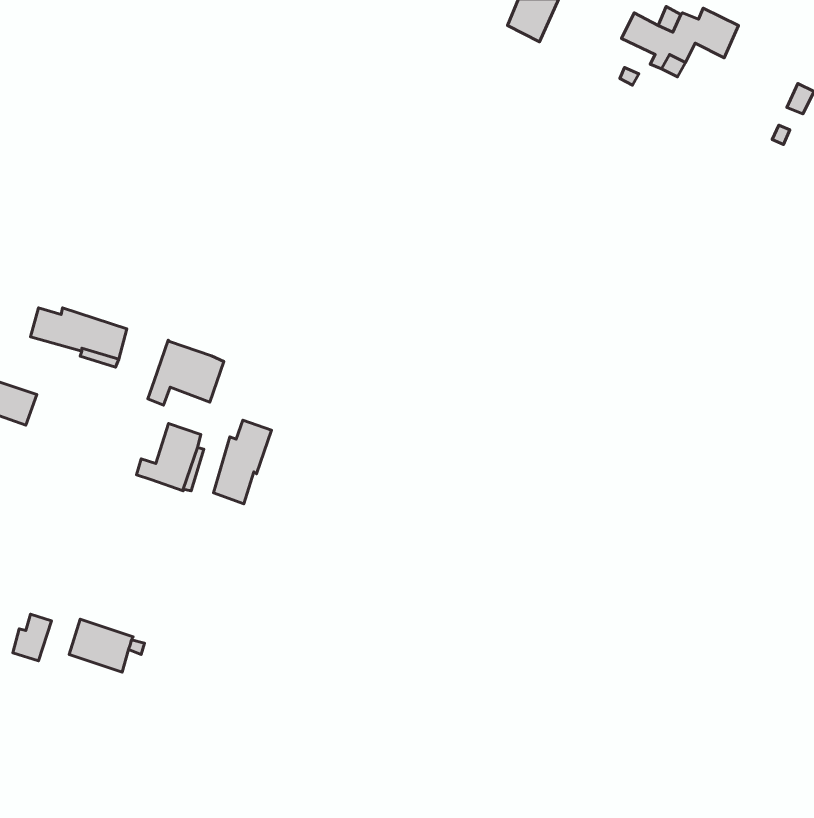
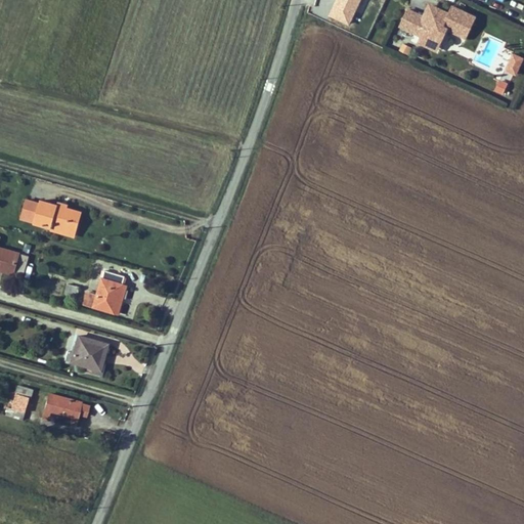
building: [148,340,224,405] -> none
building: [214,420,271,504] -> none
building: none -> [68,337,113,373]

